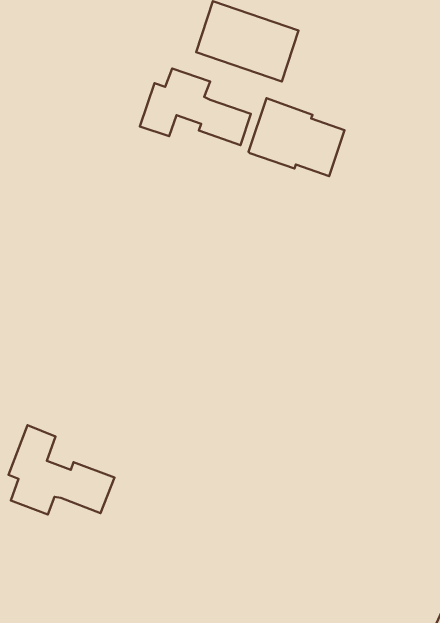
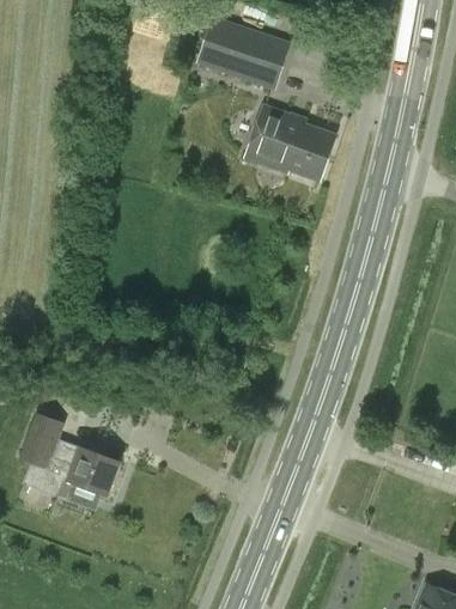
building: [140,68,251,145] -> none

